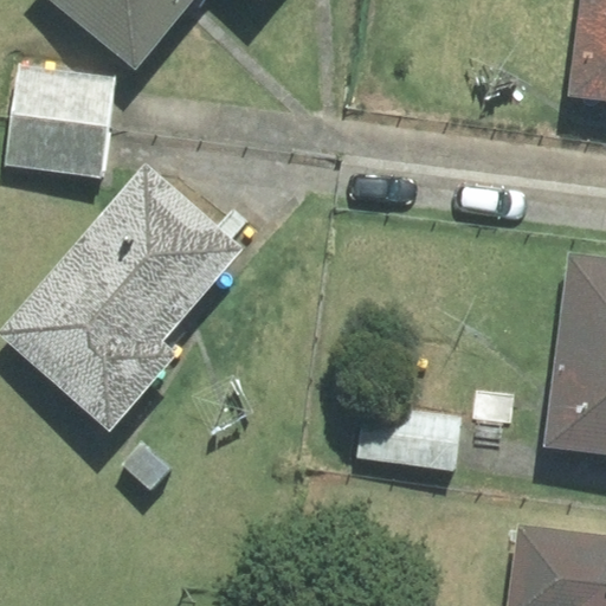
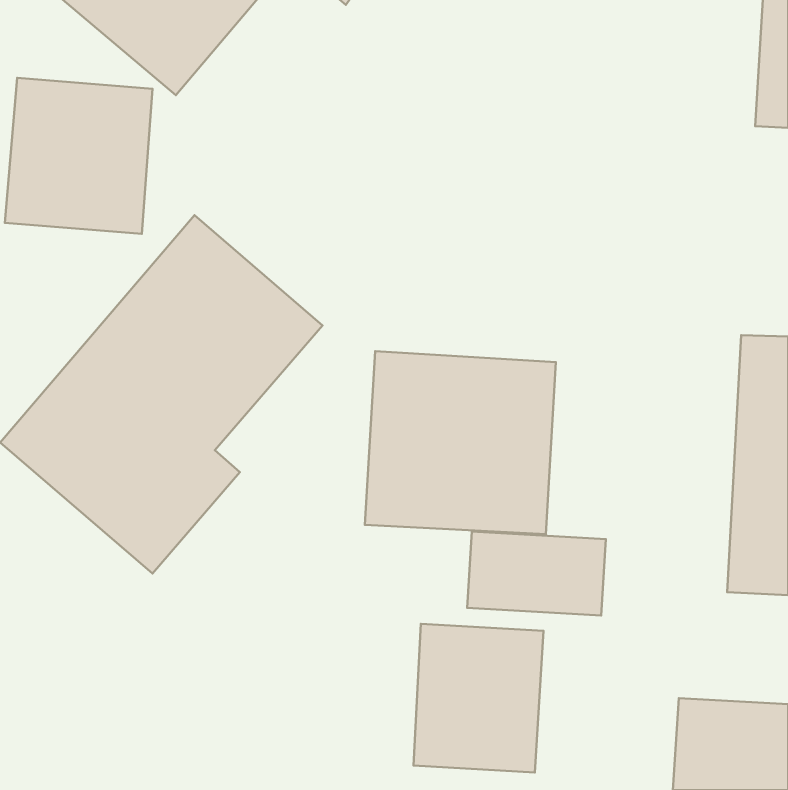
building: none -> [365,351,556,534]
building: none -> [413,624,544,772]

